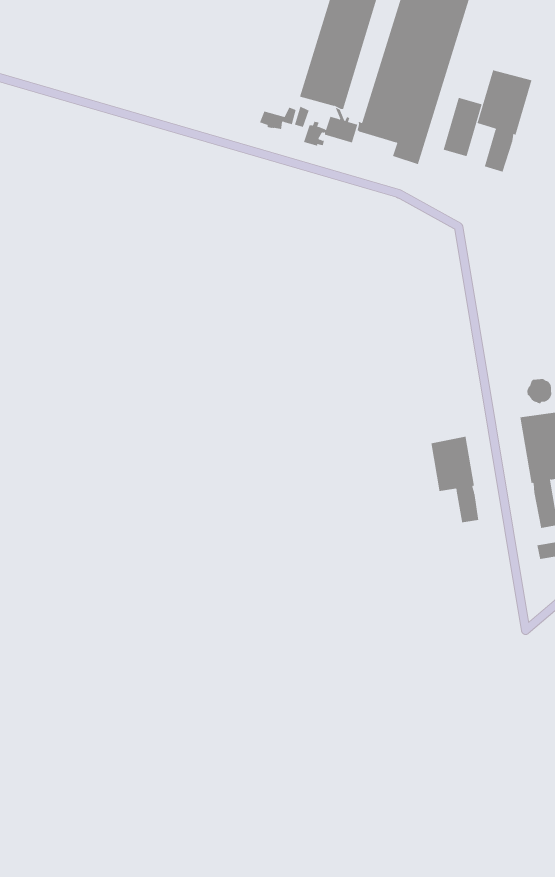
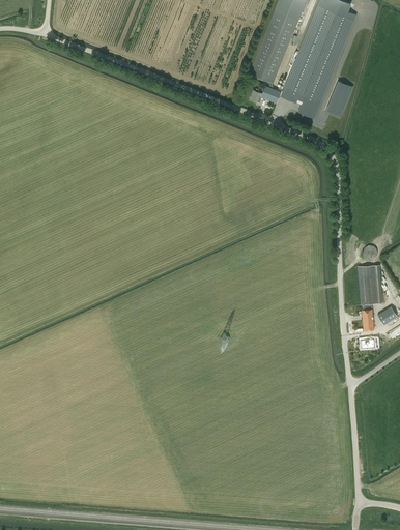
building: [477,69,532,173] -> none
building: [431,436,479,523] -> none

